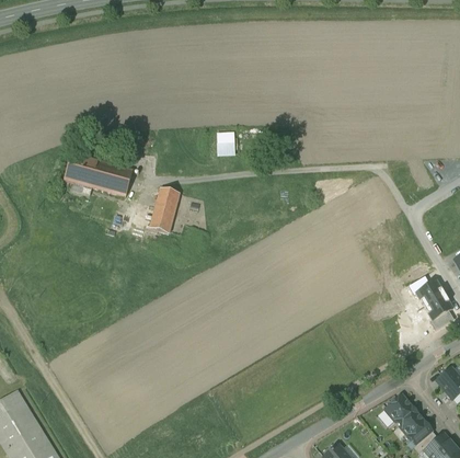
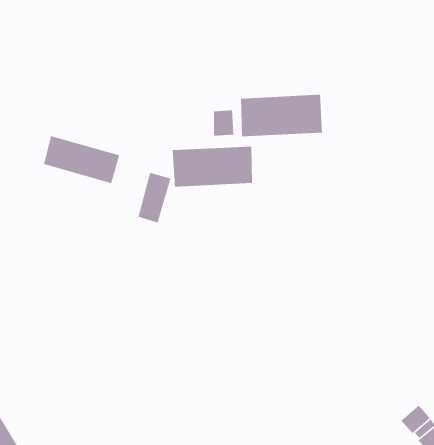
building: none -> [240,94,323,137]
building: none -> [172,146,253,188]

